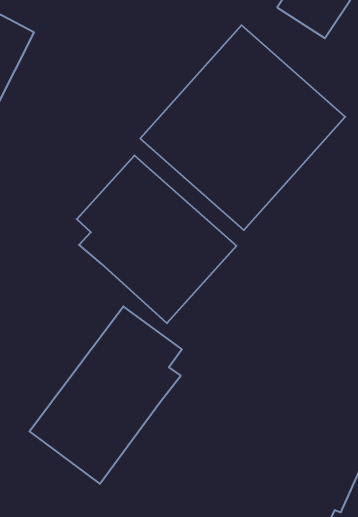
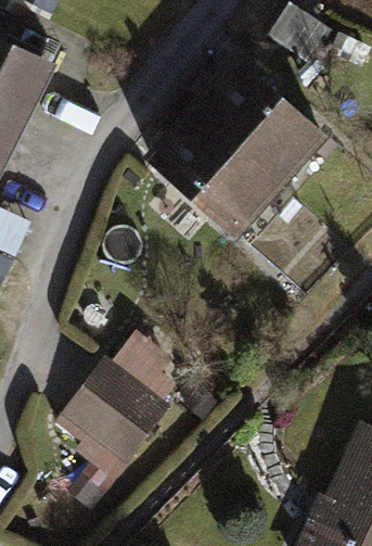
building: [77,155,236,323] -> none

